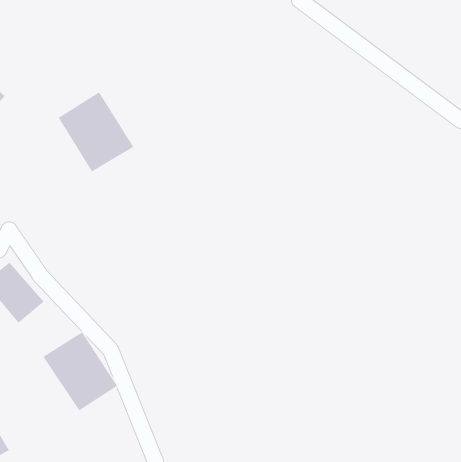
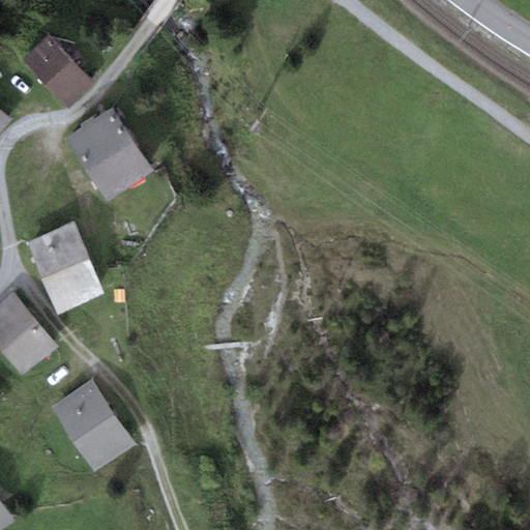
building: none -> [21,33,94,108]
building: none -> [27,225,100,307]

